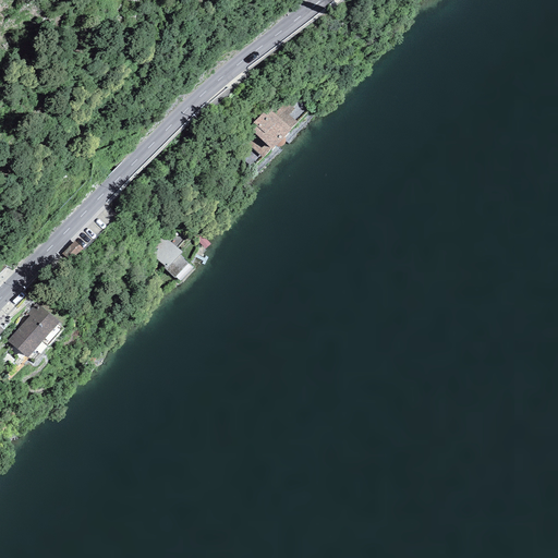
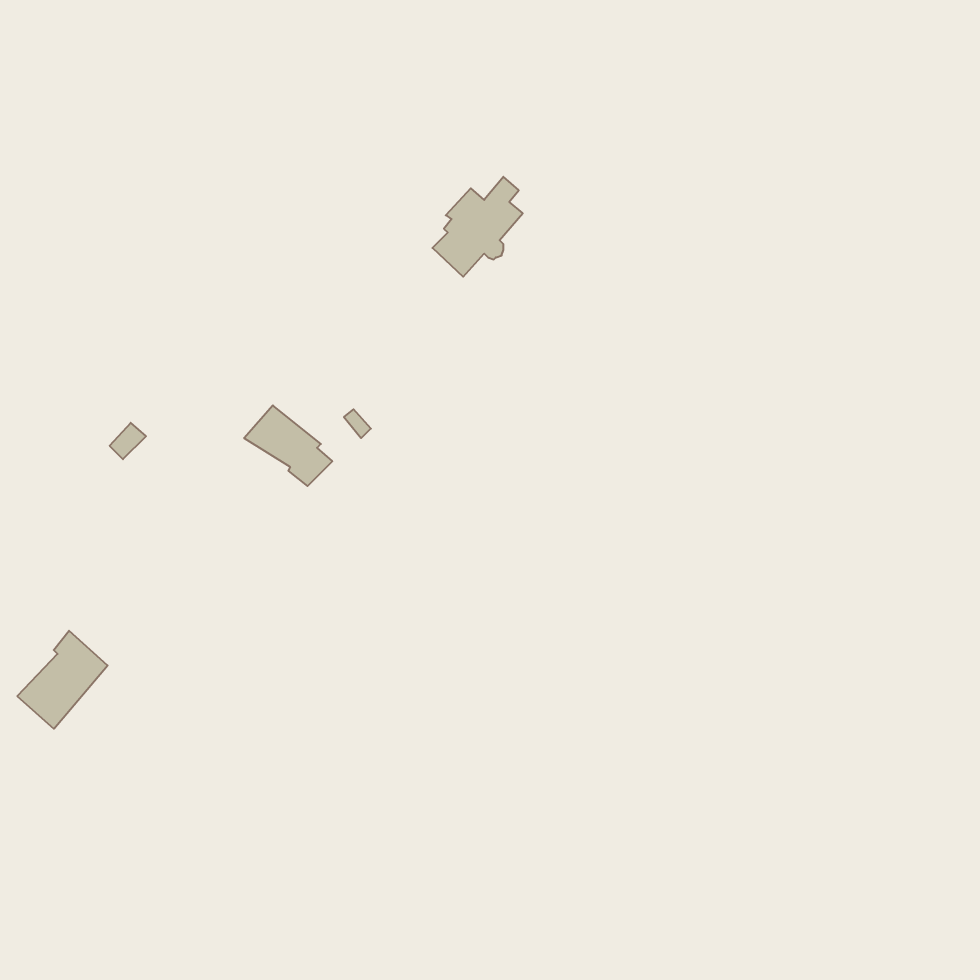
building: [8,302,59,357] -> [17,631,108,729]

